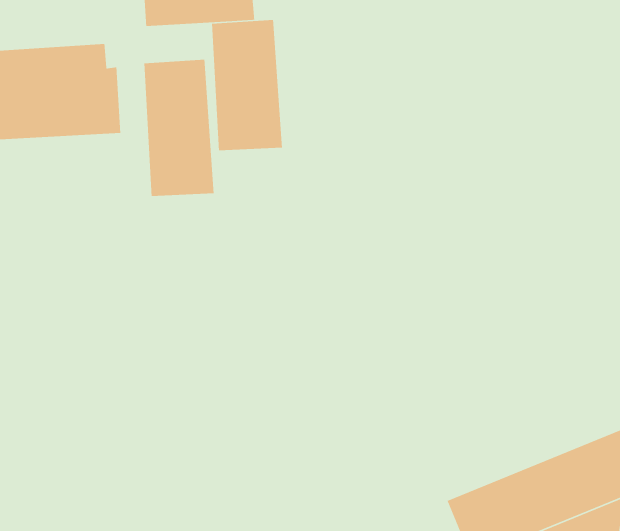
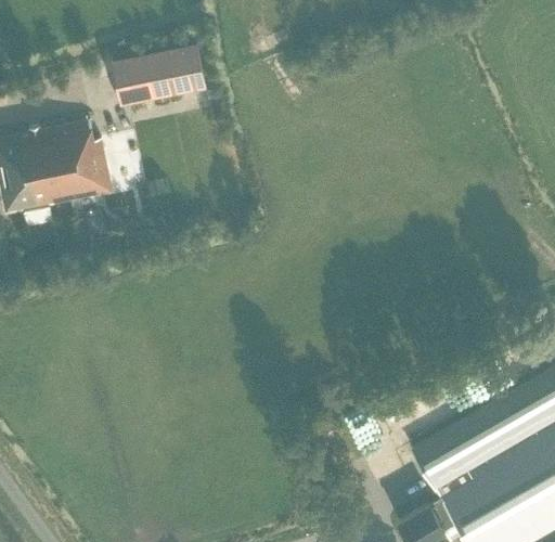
building: [211,19,283,151] -> none
building: [143,59,214,197] -> none

